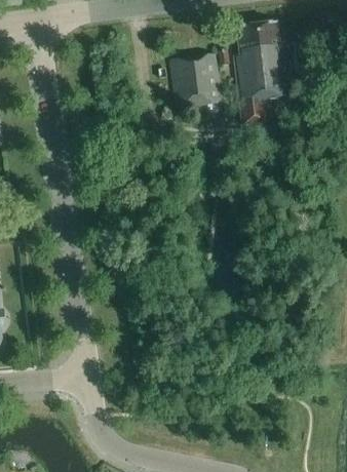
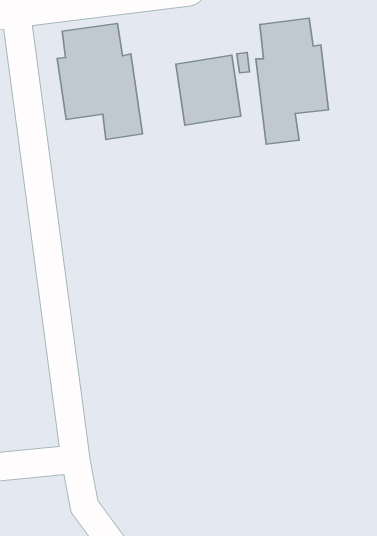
building: none -> [57,24,142,139]

